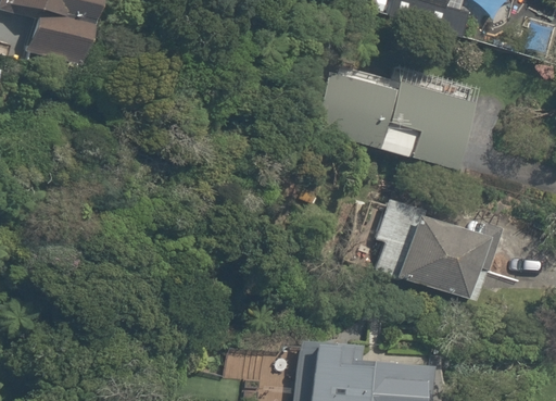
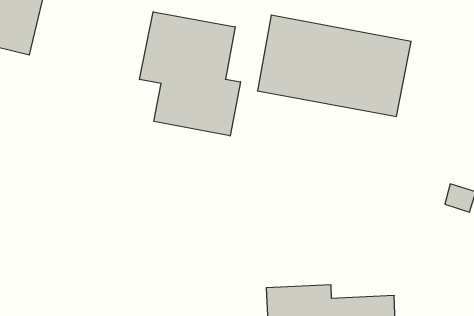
building: none -> [140,12,240,136]
building: [362,204,503,301] -> none

